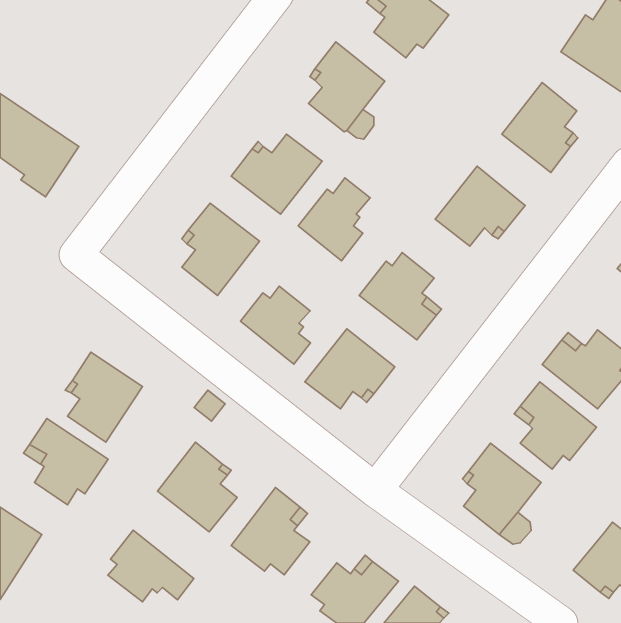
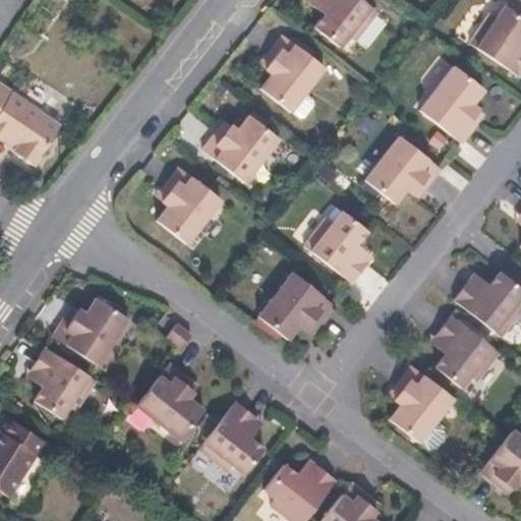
building: [298,178,370,261] -> none
building: [240,286,310,364] -> none
building: [108,530,194,602] -> none

